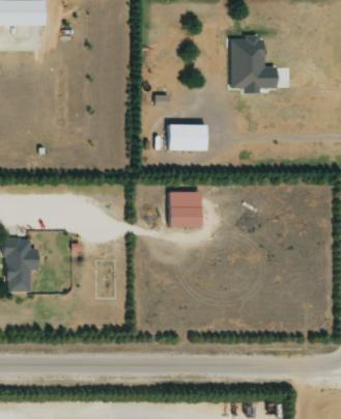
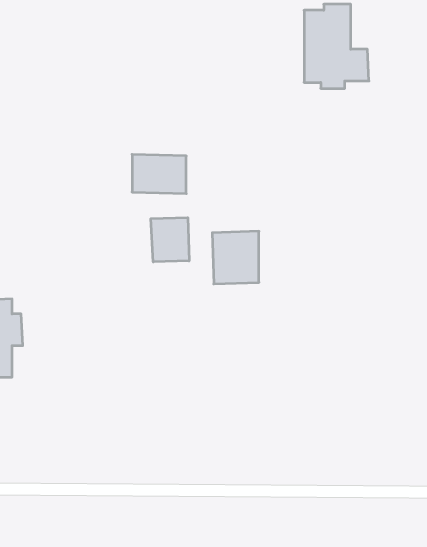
building: [169,123,206,150] -> [132,154,186,194]
building: none -> [151,218,189,262]

